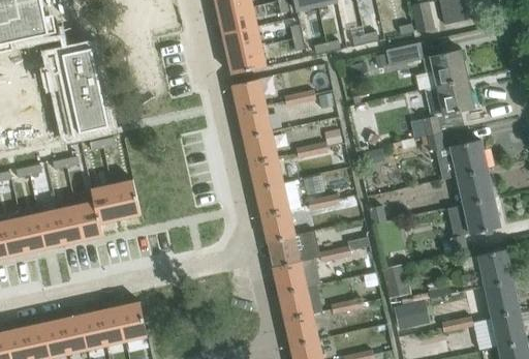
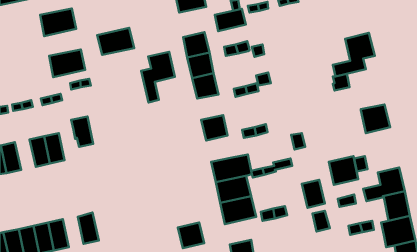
building: [385,42,466,86] -> none
building: [226,46,266,73] -> [215,9,246,31]
building: [56,73,102,108] -> [97,28,134,55]
building: none -> [141,52,175,103]
building: [437,140,486,179] -> none
building: [249,156,282,188] -> none
building: [111,179,139,218] -> none
building: [462,198,499,234] -> [329,156,358,185]
building: [74,201,102,239] -> none
building: [260,208,293,241] -> none
building: [19,213,45,251] -> none
building: [117,301,147,340] -> none
building: [80,310,105,349] -> none
building: [284,313,317,346] -> [178,223,204,248]

